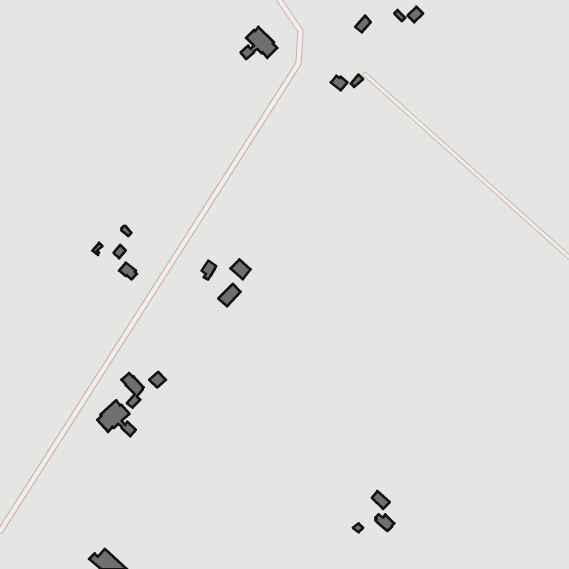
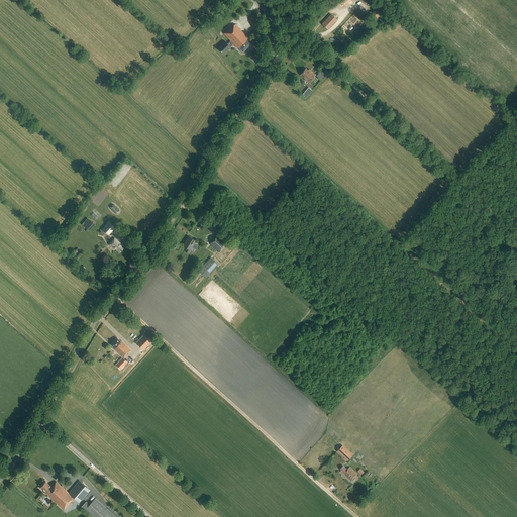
building: [97,400,136,436] -> none
building: none -> [40,481,90,510]

